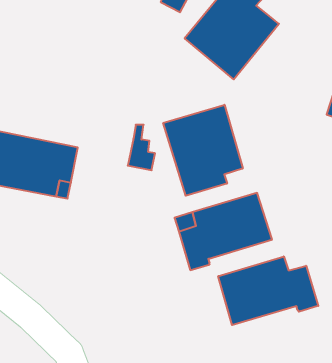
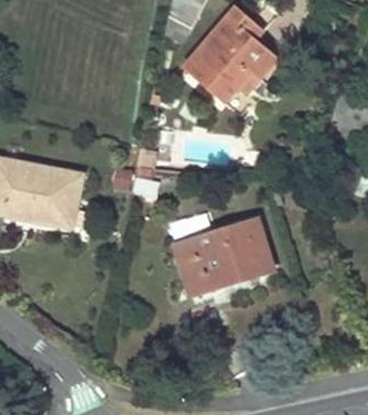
building: [163,105,243,196] -> none
building: [218,256,318,325] -> none

